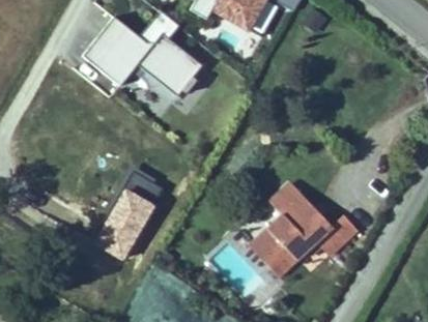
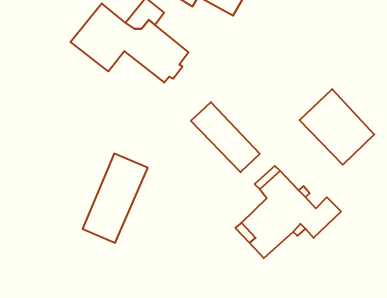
building: none -> [300,89,374,165]
building: none -> [191,102,260,172]

